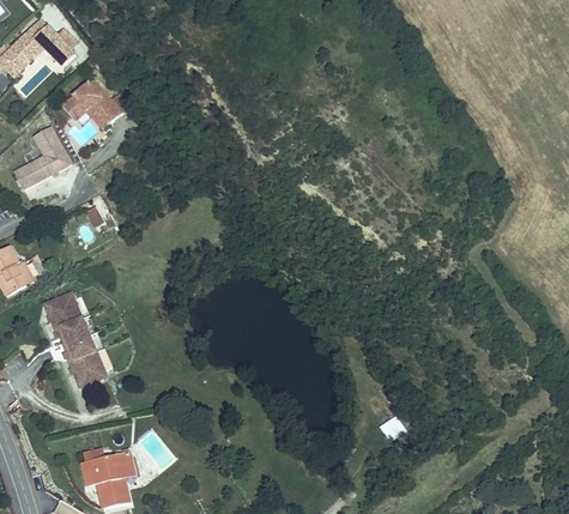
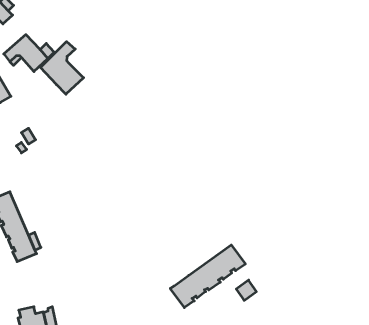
building: none -> [40,42,84,94]
building: none -> [170,245,245,308]

